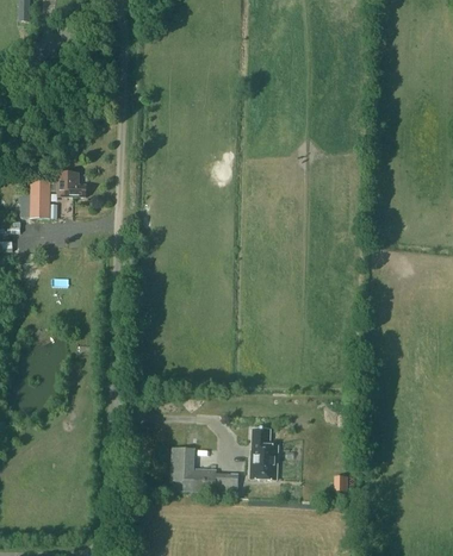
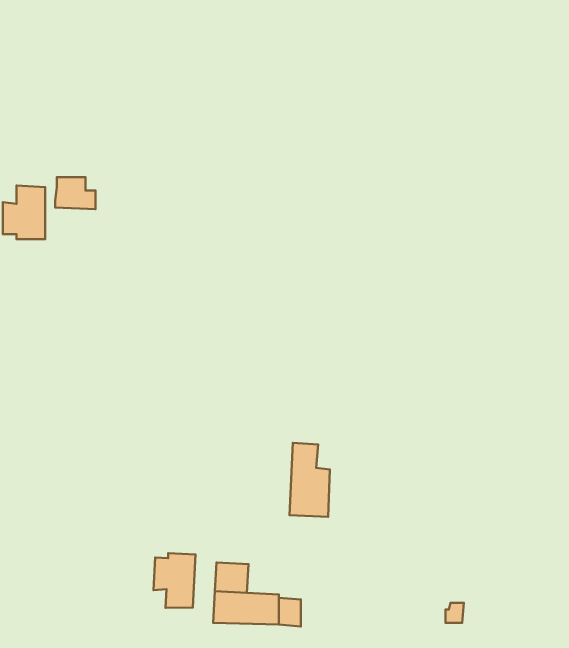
building: [250,425,279,477] -> [289,443,330,517]
building: none -> [153,553,196,608]

